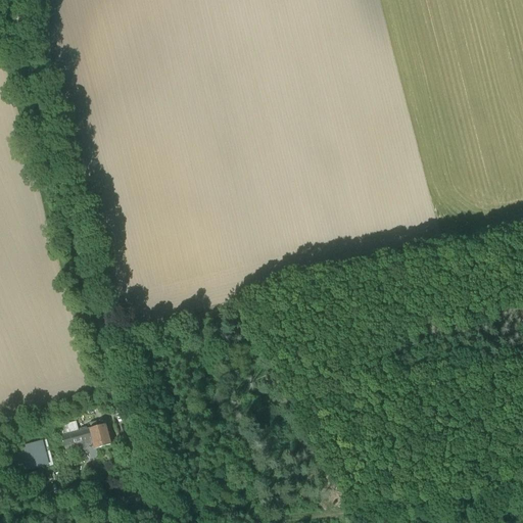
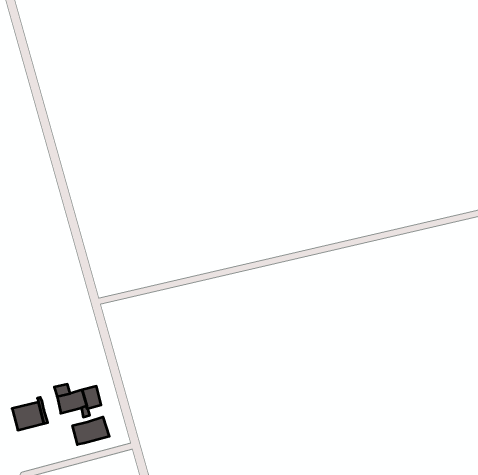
building: none -> [73,417,109,445]

